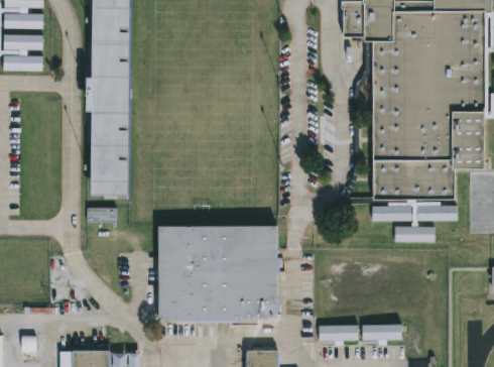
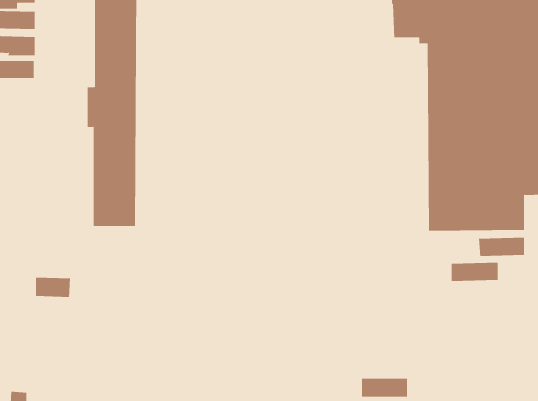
building: [372,206,411,222] -> none
building: [87,208,117,225] -> [35,277,71,297]
building: [158,226,277,320] -> none
building: [362,324,401,340] -> none

